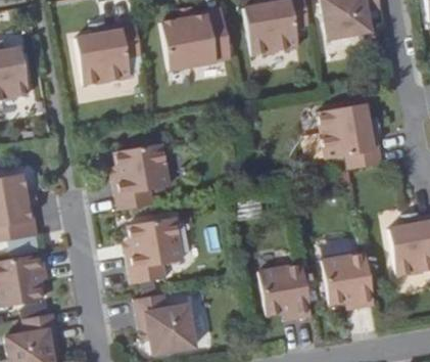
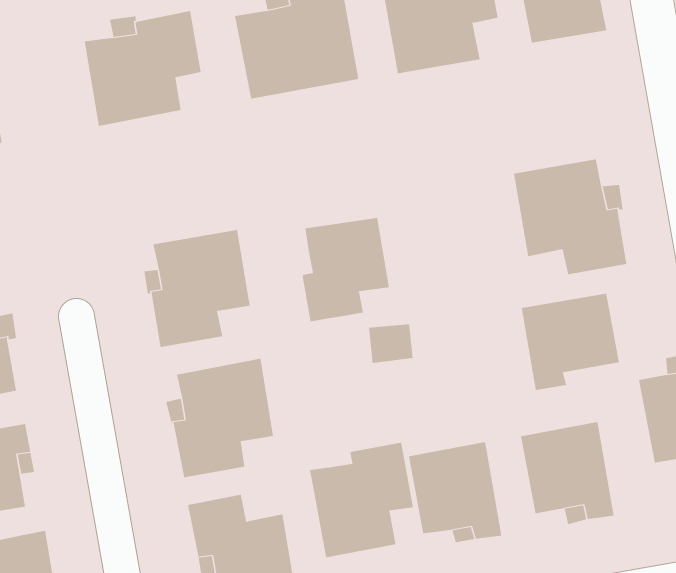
building: none -> [302,217,390,322]
building: none -> [521,293,620,391]
building: none -> [310,442,414,558]

